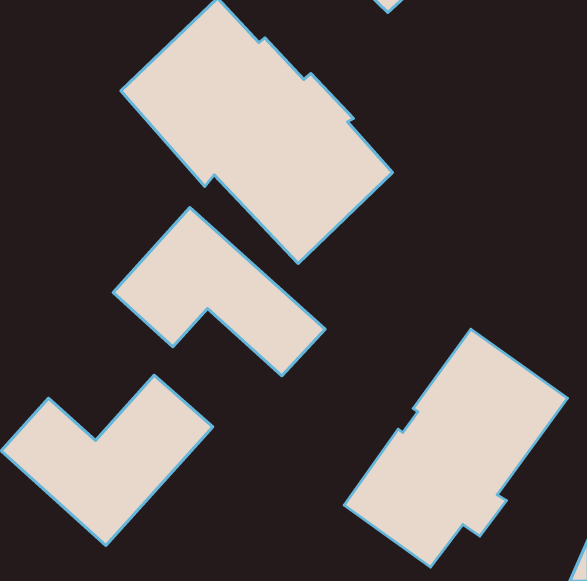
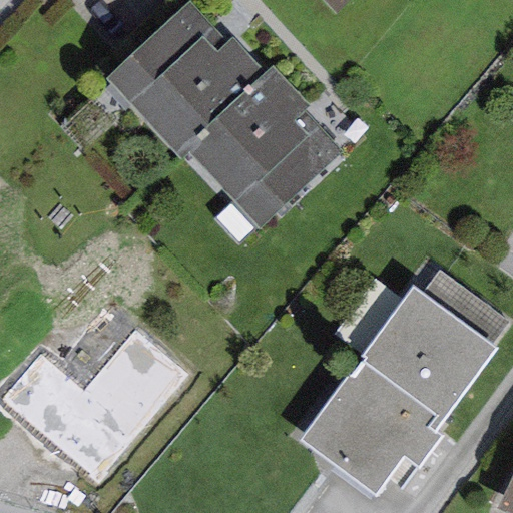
building: [113,208,325,376] -> none

